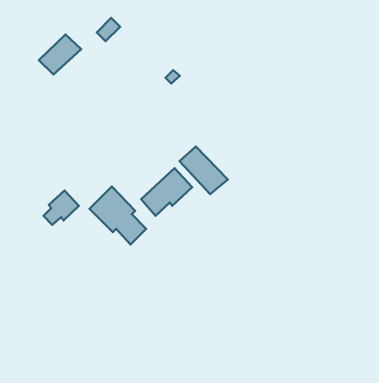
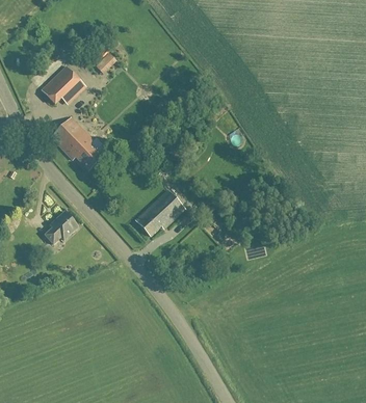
building: [180,147,228,194] -> none
building: [90,186,146,244] -> [50,116,103,170]

